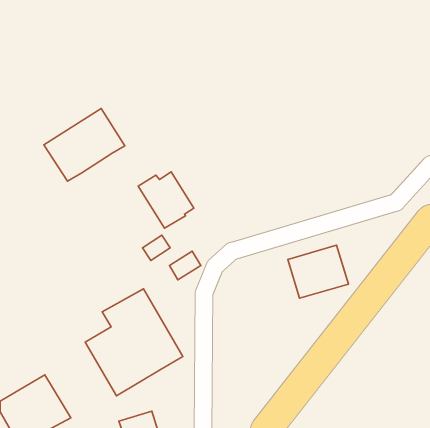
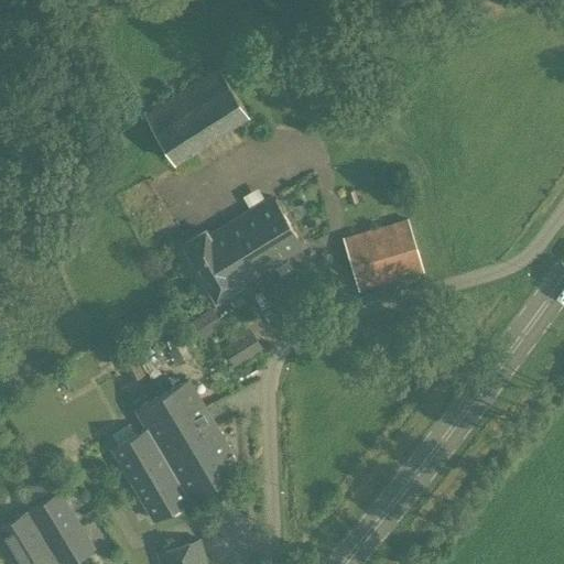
building: [44,109,125,181] -> [144,70,250,165]
building: none -> [225,199,302,275]
building: [288,245,348,298] -> [343,221,422,291]

